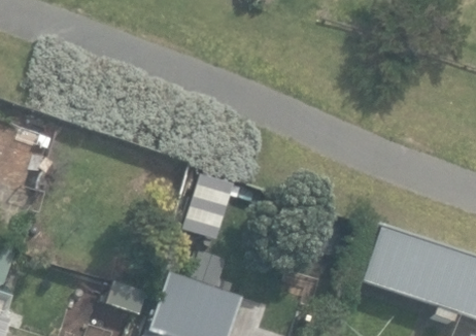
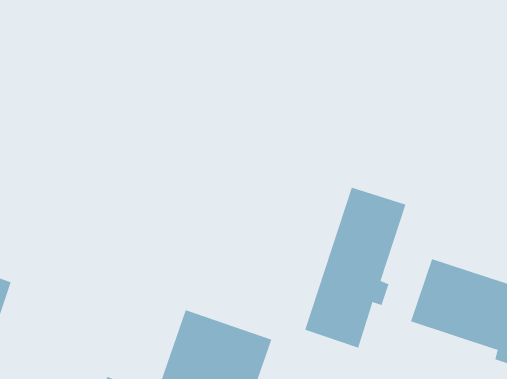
building: none -> [304,187,406,348]

